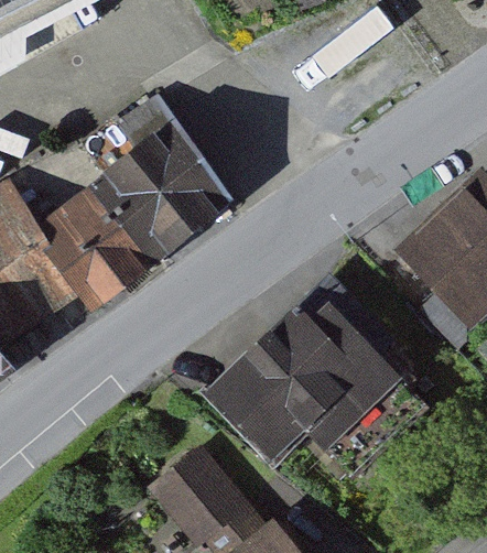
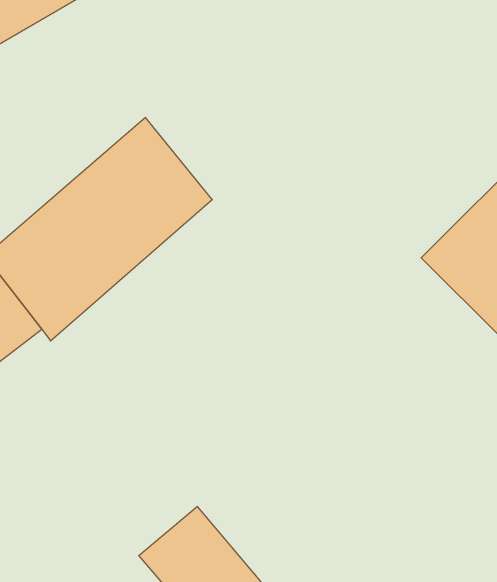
building: [209,295,380,466] -> none

